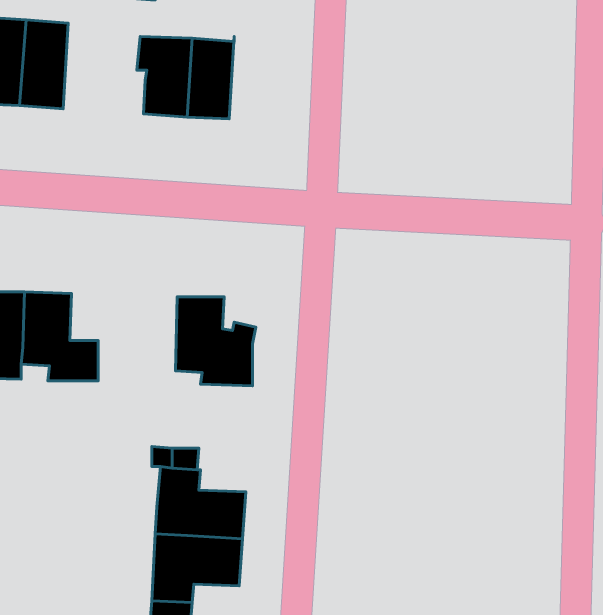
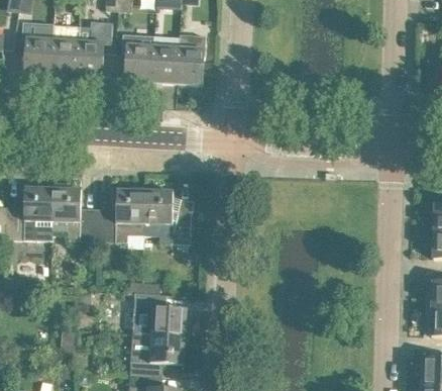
building: none -> [76,21,111,78]
building: none -> [176,33,205,85]
building: none -> [97,189,144,241]

